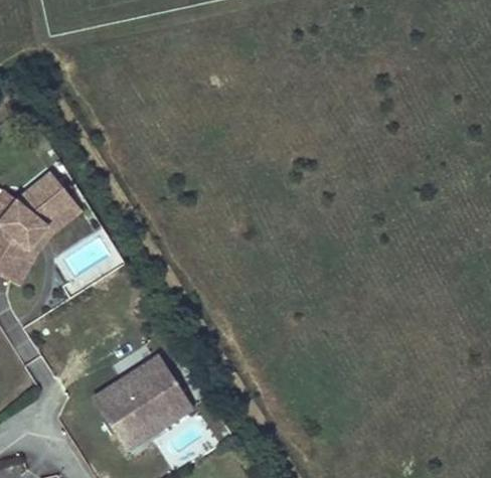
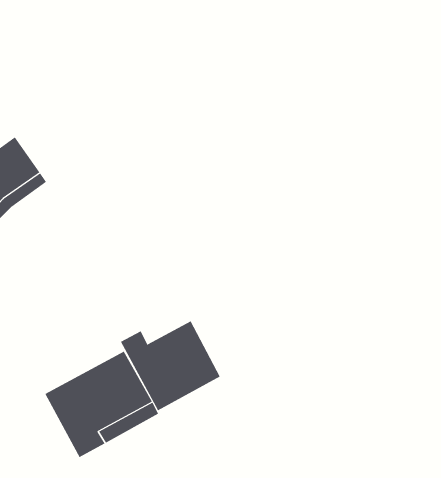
building: none -> [120,321,221,411]

